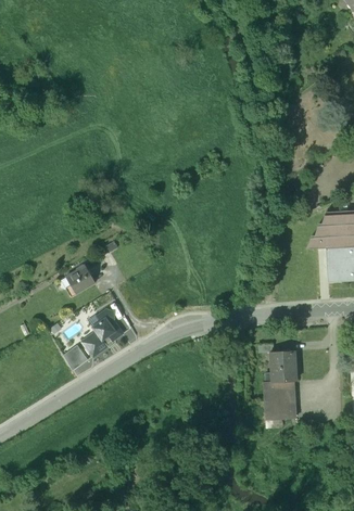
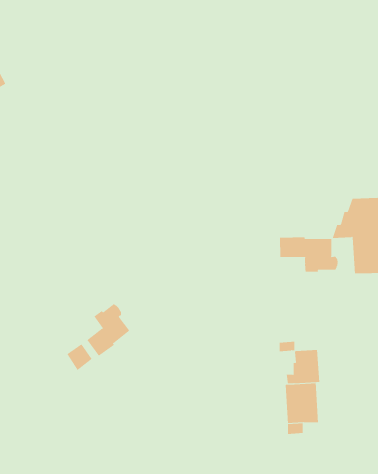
building: none -> [279,236,338,272]
building: [66,265,94,296] -> none

